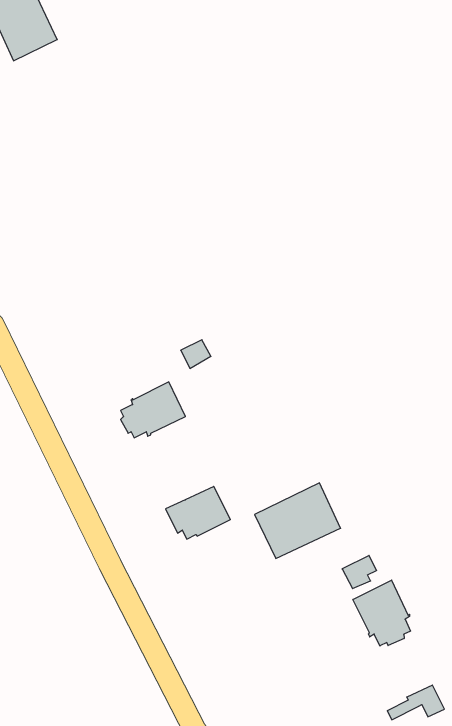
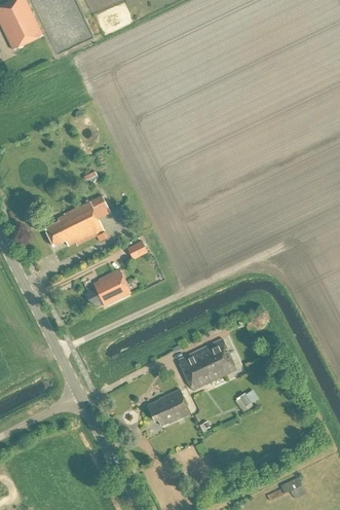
building: none -> [45,202,105,246]
building: [166,486,230,539] -> [147,390,191,426]
building: [353,580,411,646] -> none

